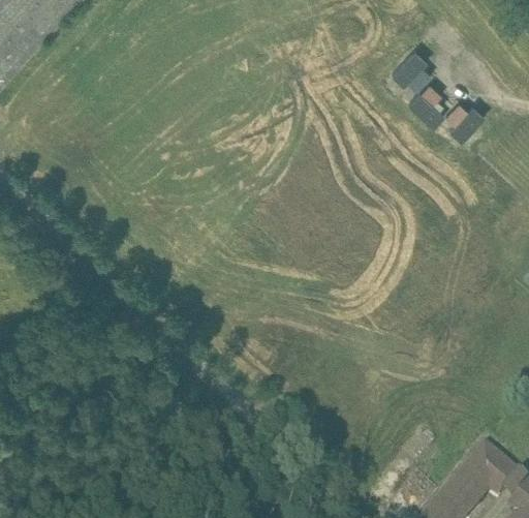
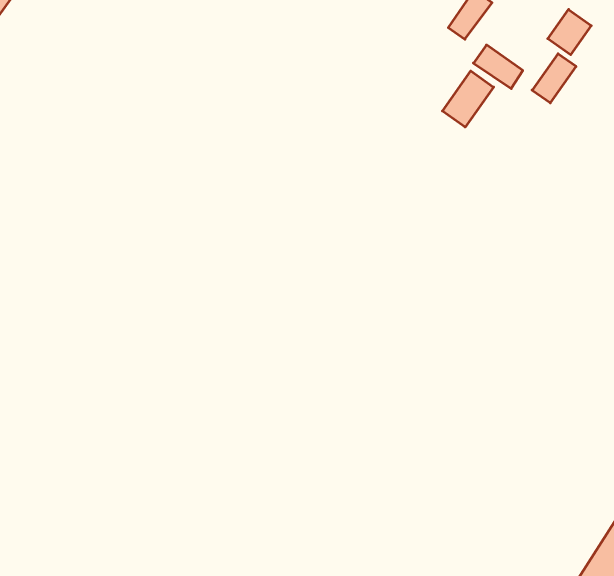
building: none -> [548,9,591,55]
building: none -> [442,71,494,127]

